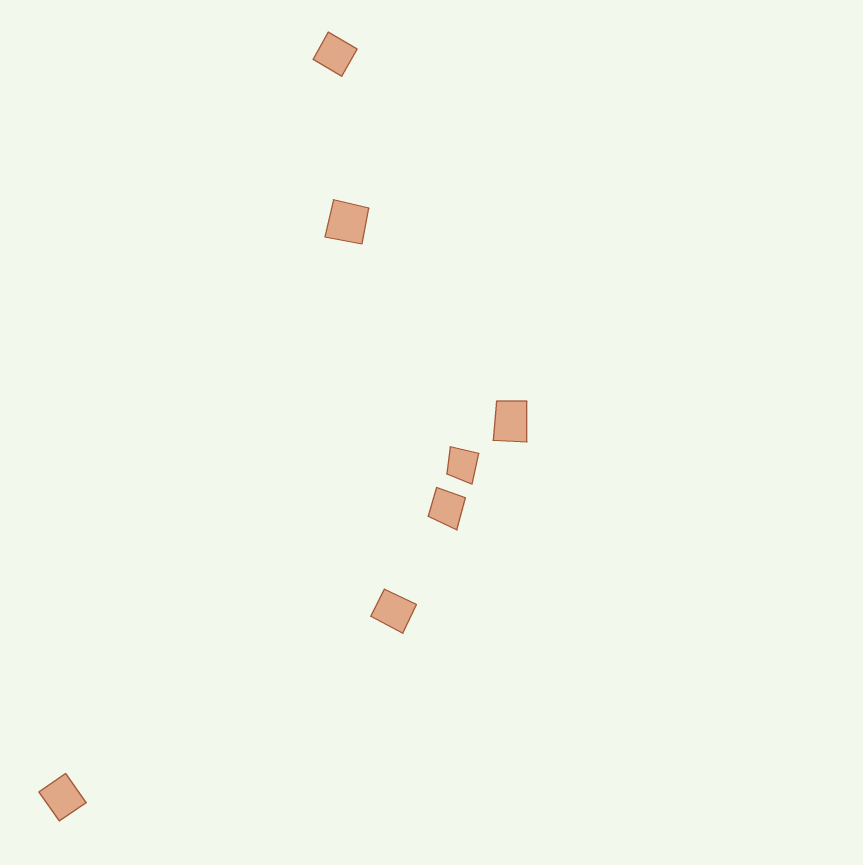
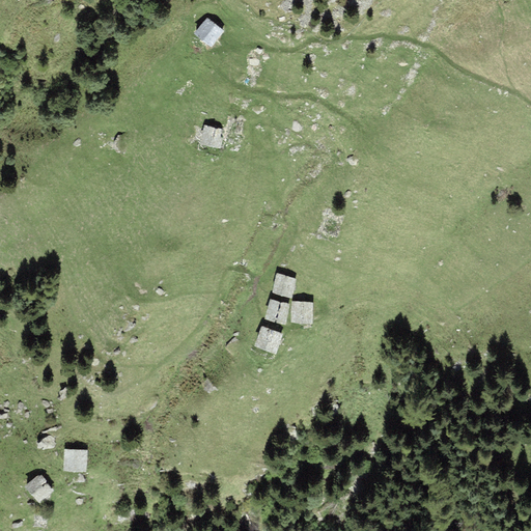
building: [493,401,527,442] -> [290,300,311,325]
building: [371,589,416,633] -> [254,327,282,354]
building: none -> [63,449,87,472]

